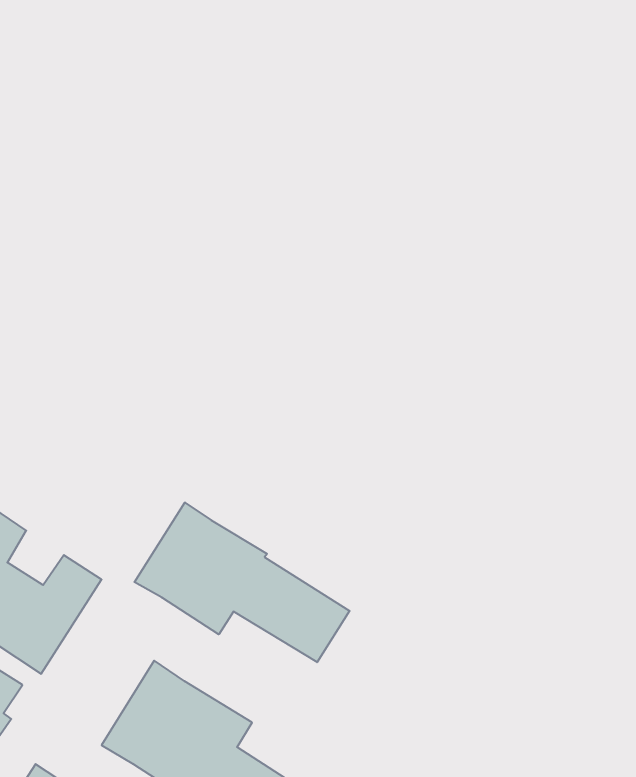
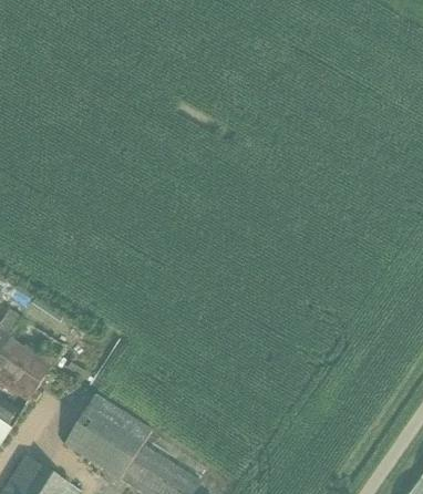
building: [134,502,350,662] -> none

